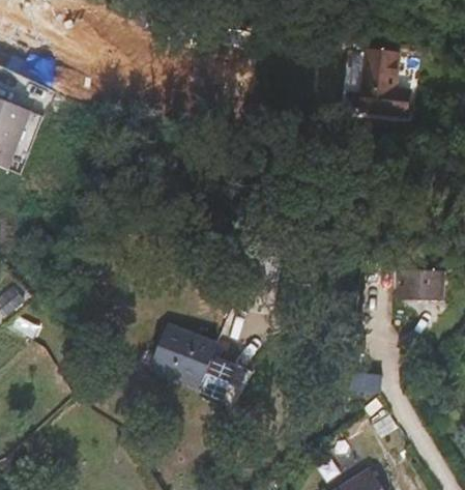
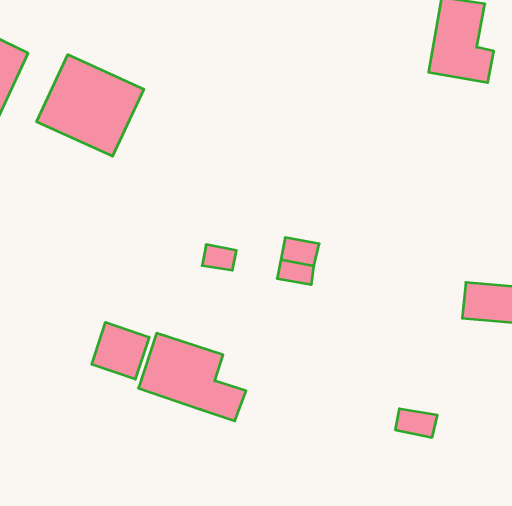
building: none -> [37,55,144,156]
building: none -> [92,322,149,379]

